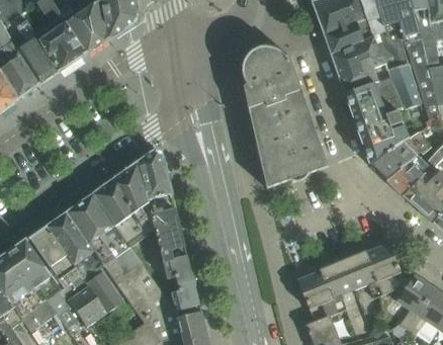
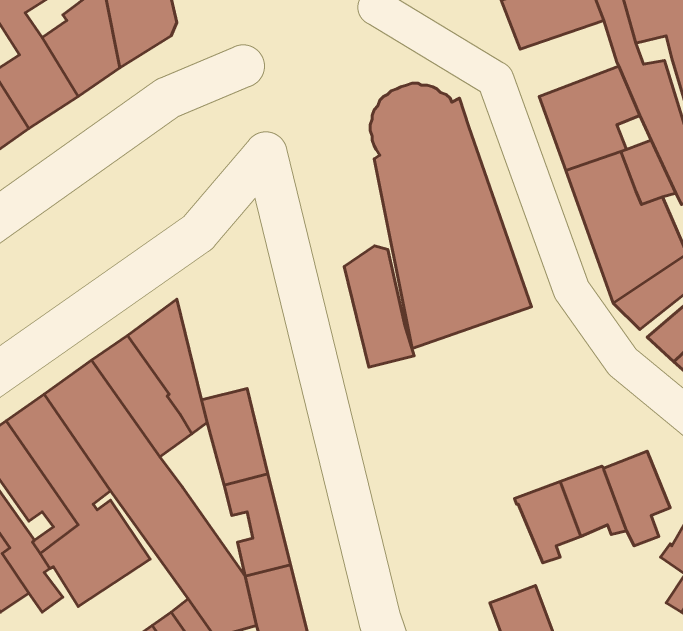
building: [322,12,374,53] -> none
building: [139,150,176,214] -> [344,246,414,367]
building: [297,270,338,320] -> none

